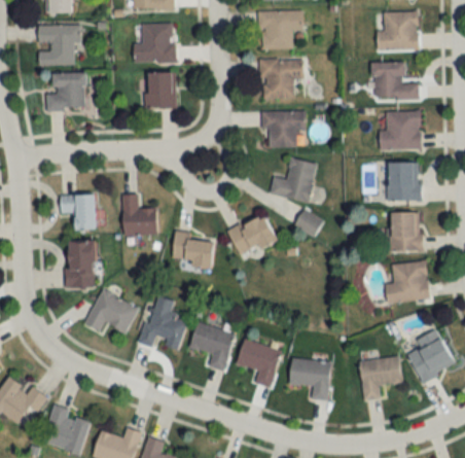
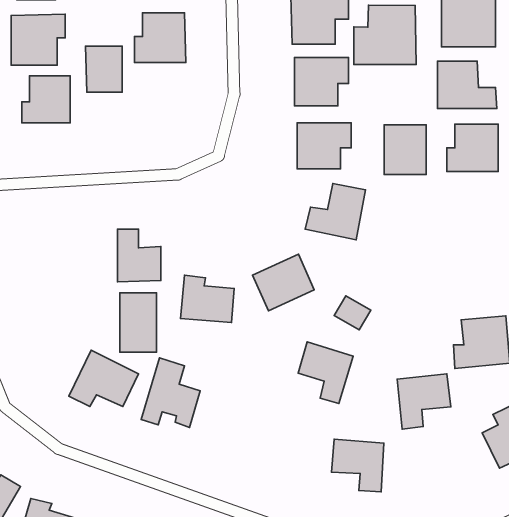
building: none -> [354,5,416,64]
building: [146,72,175,108] -> [85,46,122,92]
building: [387,162,420,201] -> [384,125,426,175]
building: [60,193,95,231] -> none
building: [294,209,323,236] -> [334,296,371,330]
building: [390,212,421,251] -> none
building: [65,241,94,287] -> [120,293,157,352]
building: [189,322,235,371] -> none
building: [237,339,280,387] -> [298,342,353,403]
building: [359,356,401,399] -> [397,374,451,429]

